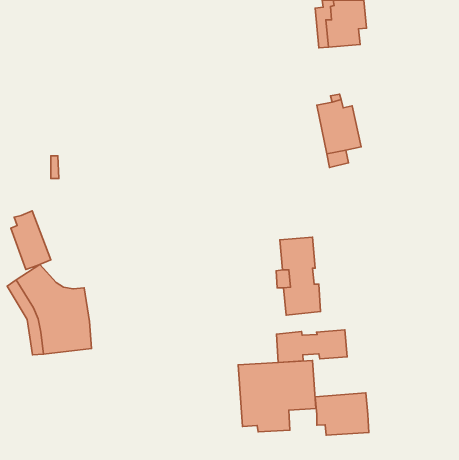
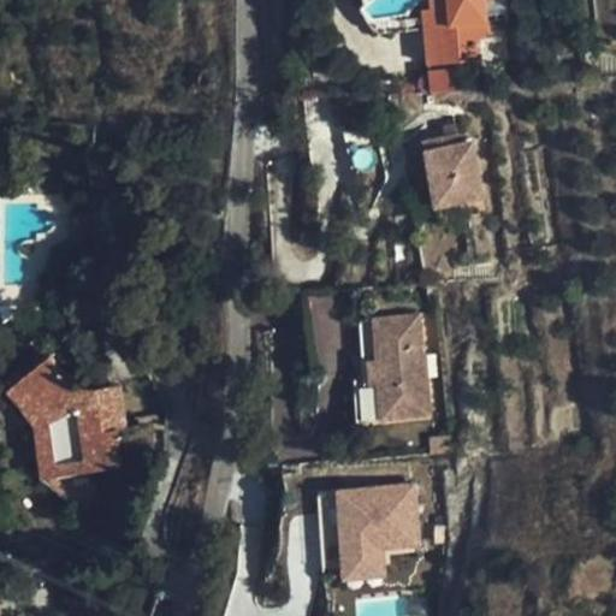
building: [11,211,51,269] -> none
building: [276,330,347,362] -> none
building: [315,393,369,435] -> none

